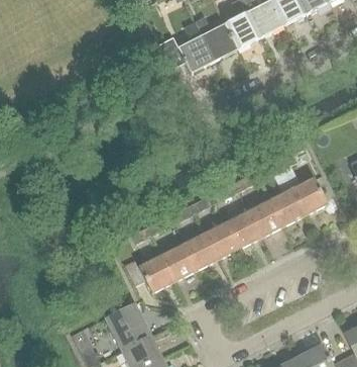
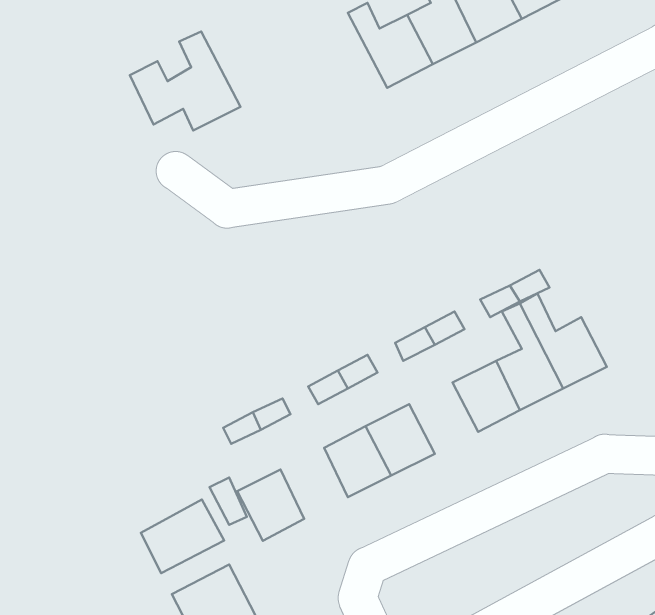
building: [158,22,215,73] -> [130,32,241,131]
building: [226,211,261,248] -> none
building: [160,245,195,281] -> none
building: none -> [141,499,224,573]

